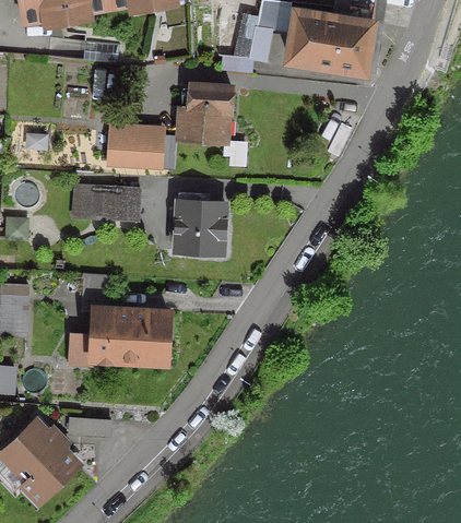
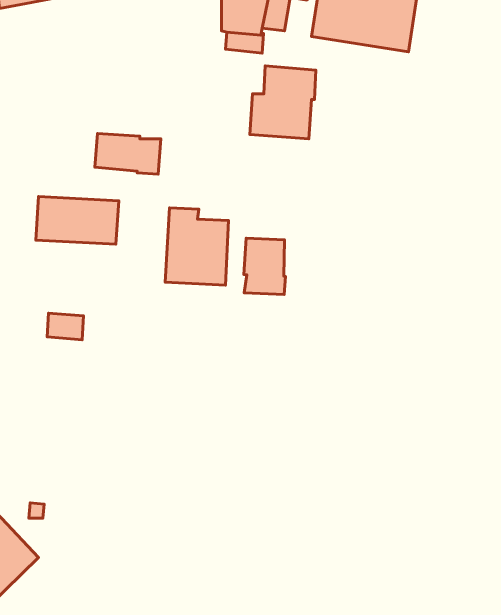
building: [178,85,229,142] -> [250,66,316,139]
building: none -> [244,238,285,295]
building: [67,310,167,366] -> none

